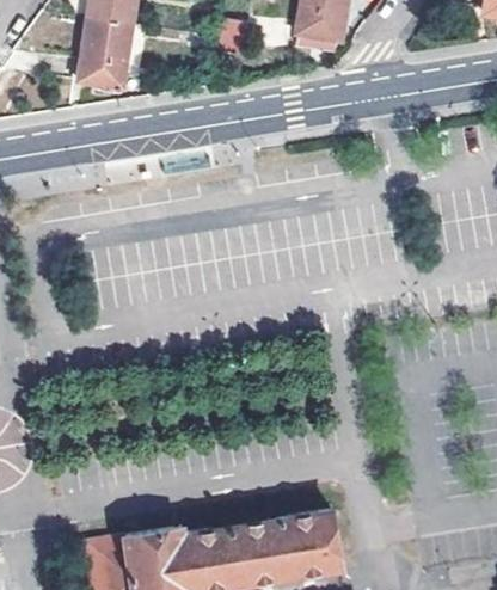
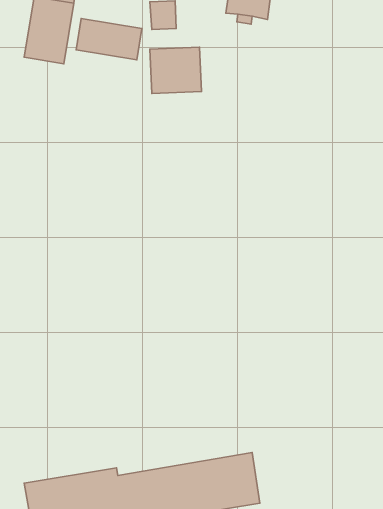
building: none -> [76,19,142,60]
building: none -> [150,47,201,94]

